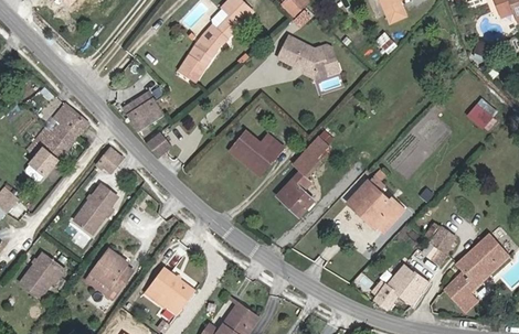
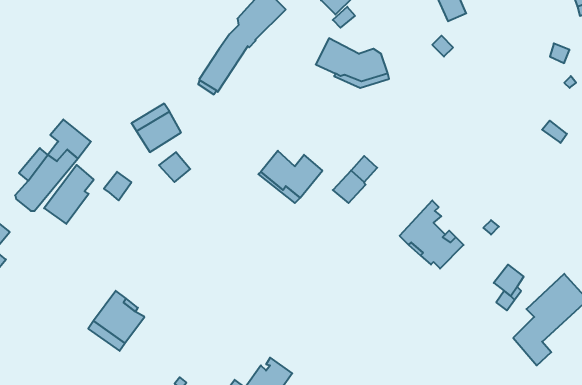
building: [276,171,313,215] -> none
building: [73,183,115,233] -> [44,165,94,224]
building: [20,252,64,297] -> none
building: [373,263,427,309] -> none
building: [145,266,194,314] -> none

